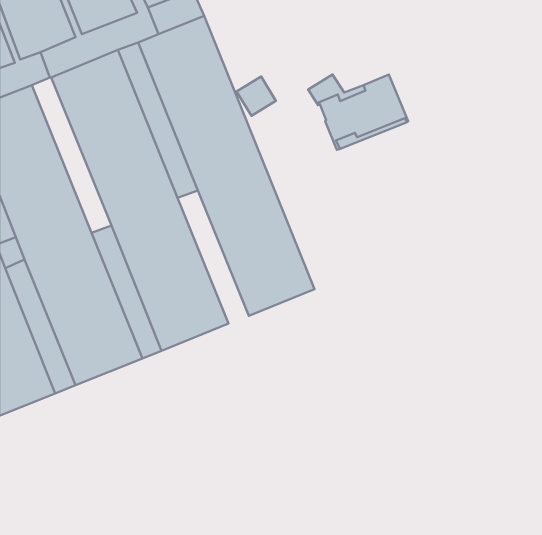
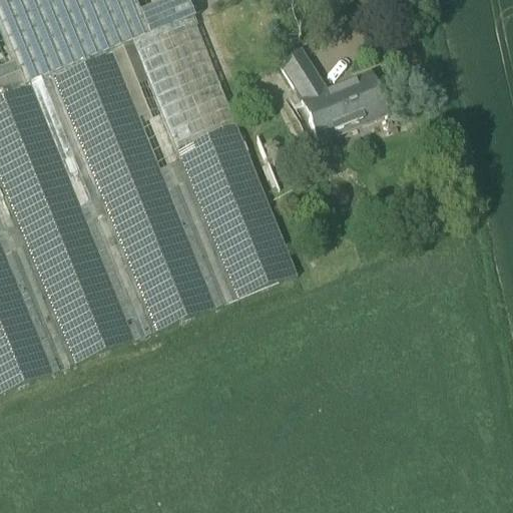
building: [237,76,276,116] -> [277,47,314,84]
building: none -> [30,73,105,219]
building: none -> [167,179,234,305]

